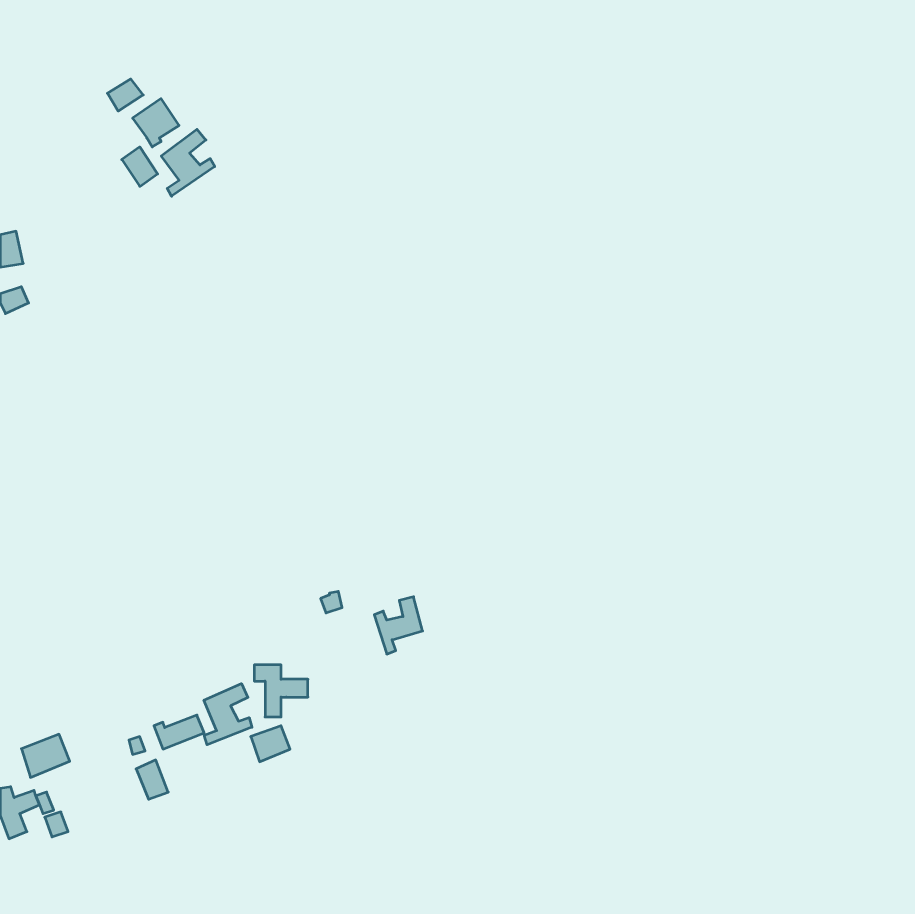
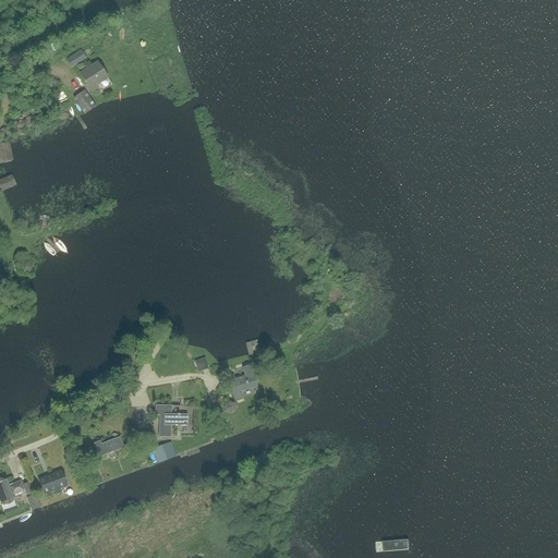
building: [161,129,215,196] -> none
building: [204,684,252,745] -> none
building: [21,734,70,777] -> [38,469,68,495]

